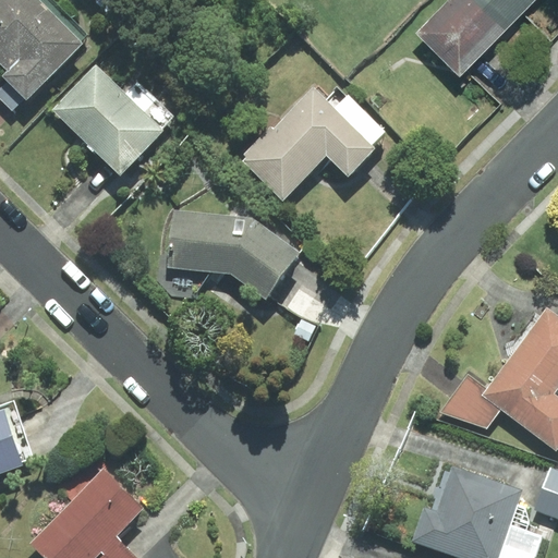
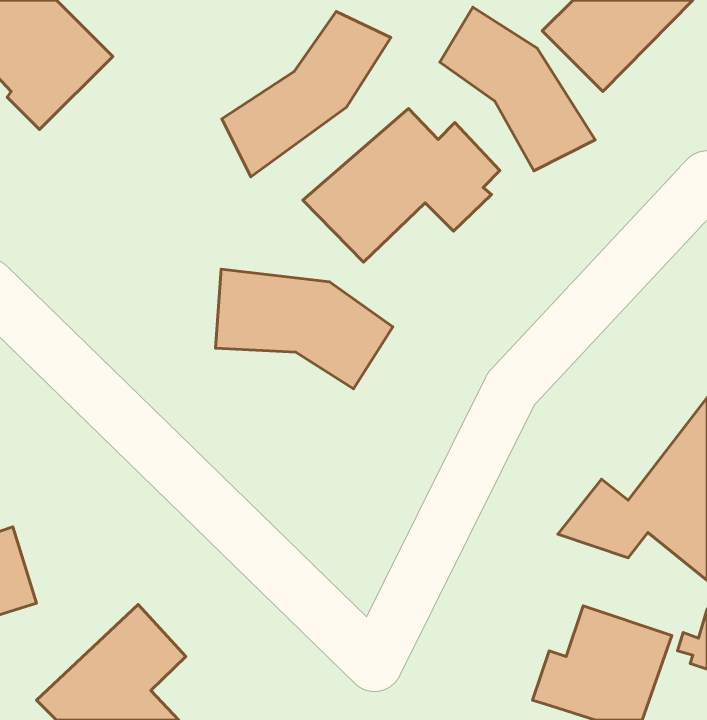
building: none -> [440,7,595,171]
building: none -> [222,11,391,177]
building: [49,57,174,180] -> none

